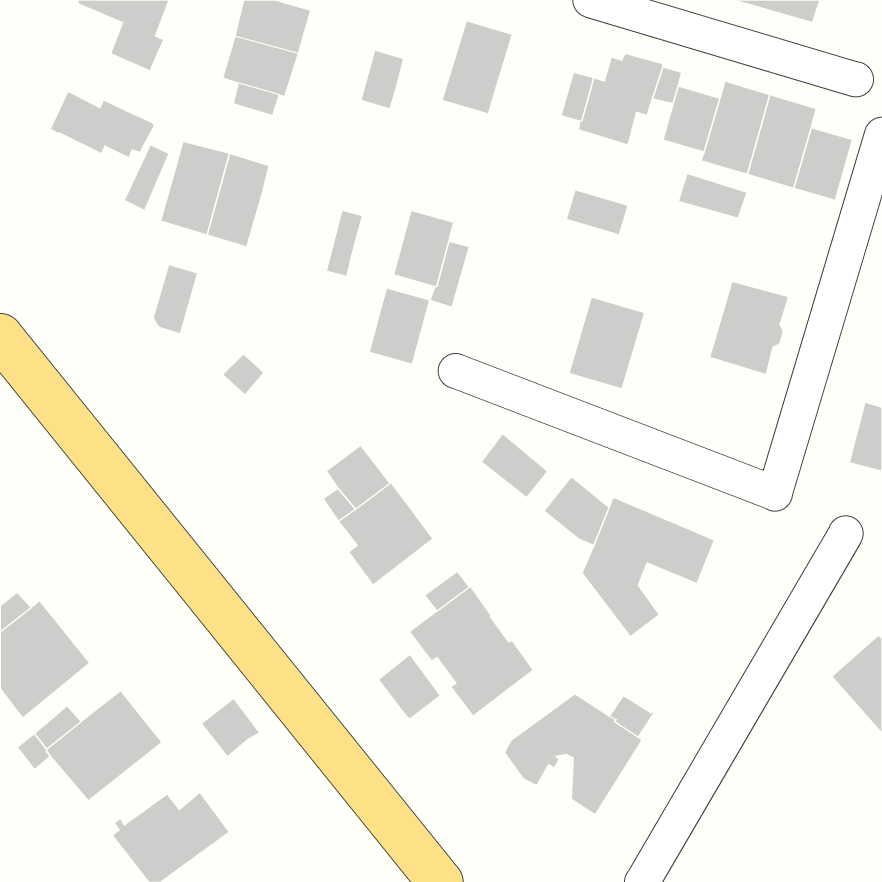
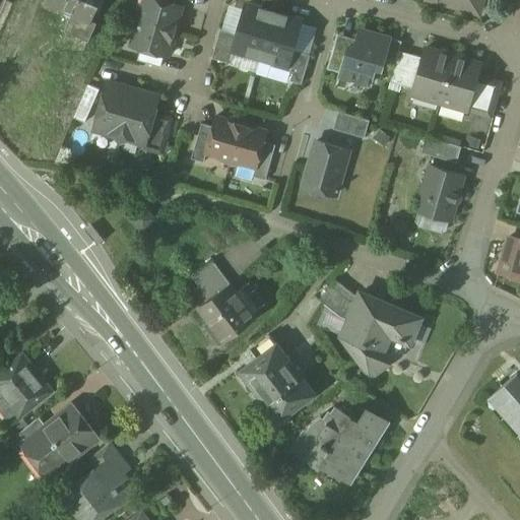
building: none -> [234,5,274,59]
building: none -> [287,50,310,84]
building: [50,91,155,158] -> none
building: [678,173,747,218] -> [421,136,462,162]
building: [153,265,198,334] -> [145,114,172,154]
building: [369,288,430,364] -> [206,117,242,161]
building: [569,297,645,389] -> [304,141,348,195]
building: [481,434,548,498] -> none
building: [378,654,440,719] -> none
building: [201,698,260,757] -> [90,442,125,476]

